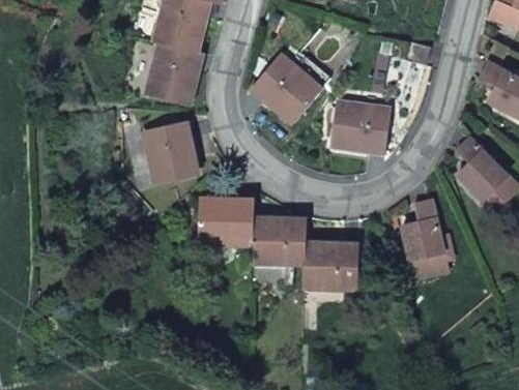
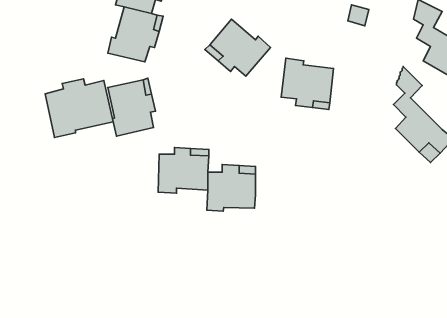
building: none -> [45,79,113,137]
building: [402,198,444,260] -> none
building: [304,241,356,290] -> none

